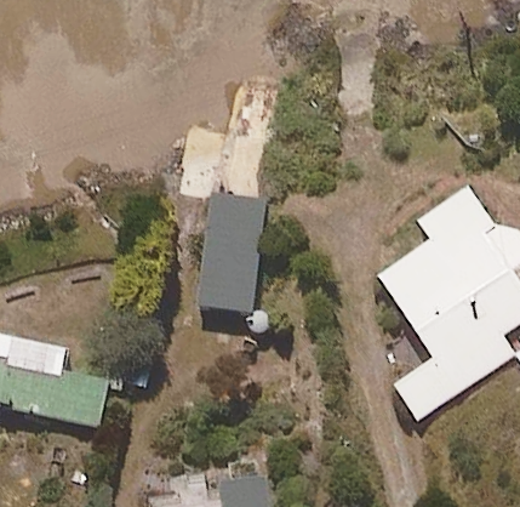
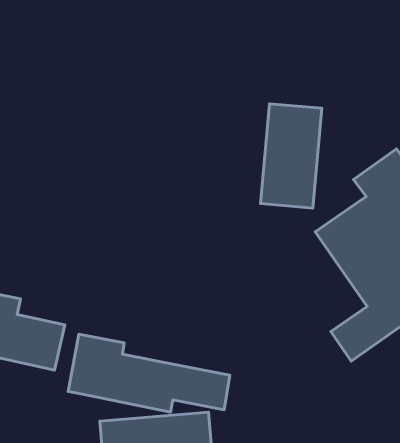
building: [198,200,263,312] -> [261,104,322,208]
building: none -> [68,334,230,412]

